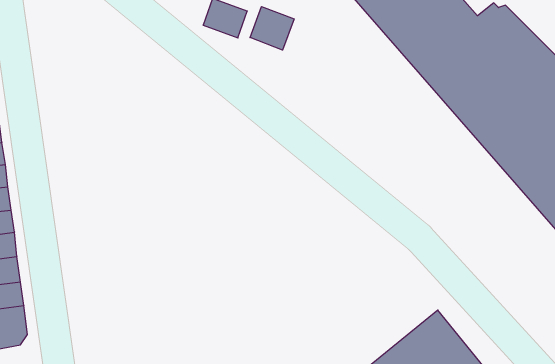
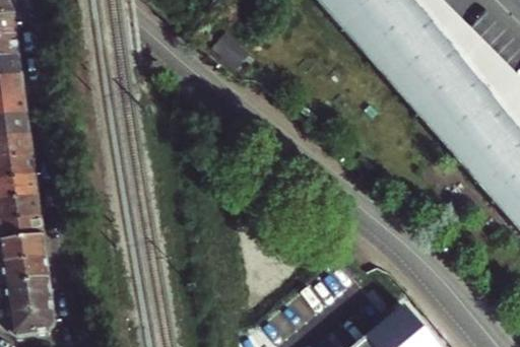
building: [250,7,294,50] -> none

